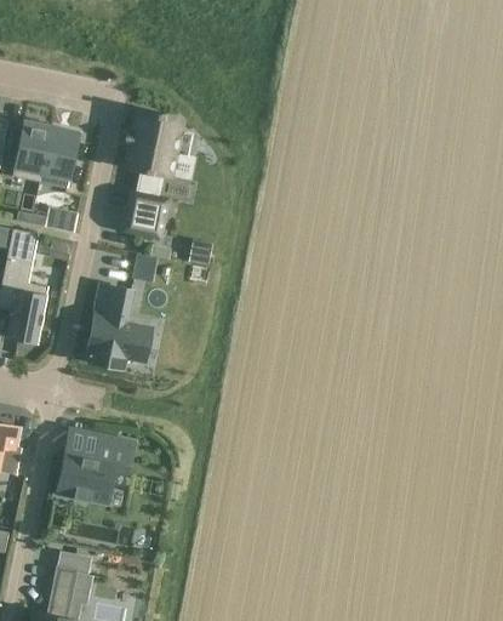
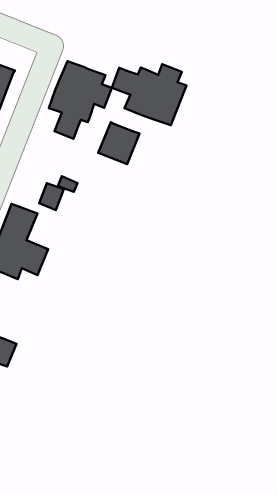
building: none -> [112,64,187,125]
building: [124,192,167,237] -> [98,122,140,164]

